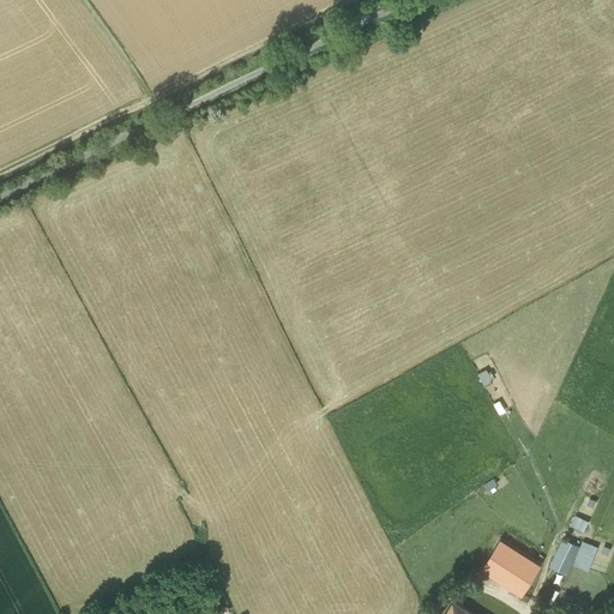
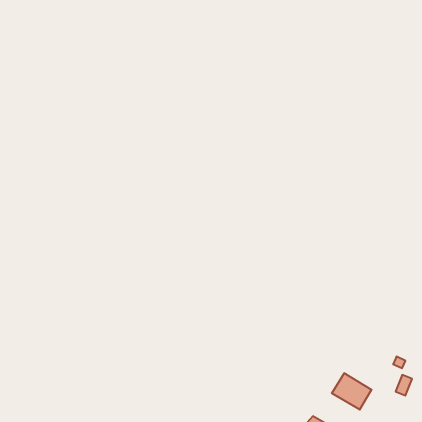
building: [550,541,582,577] -> none

